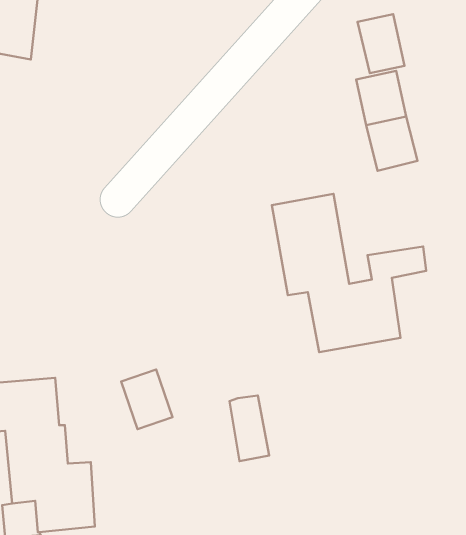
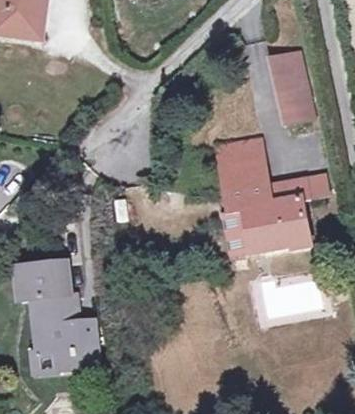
building: [358,14,404,73] -> none
building: [121,369,173,429] -> none
building: [229,395,269,461] -> [220,205,248,251]

